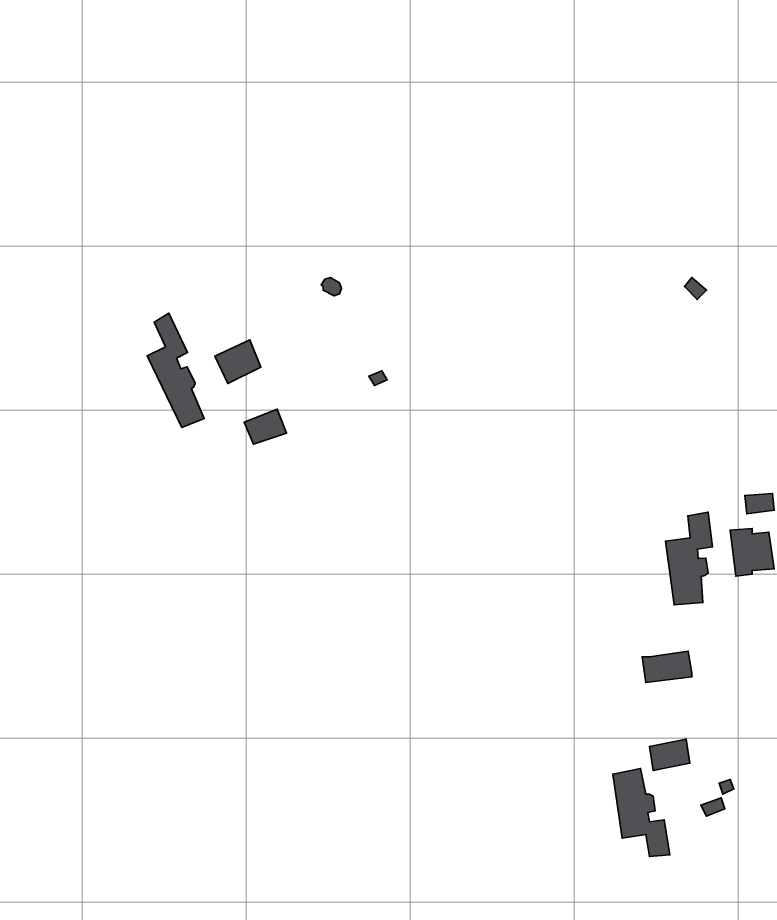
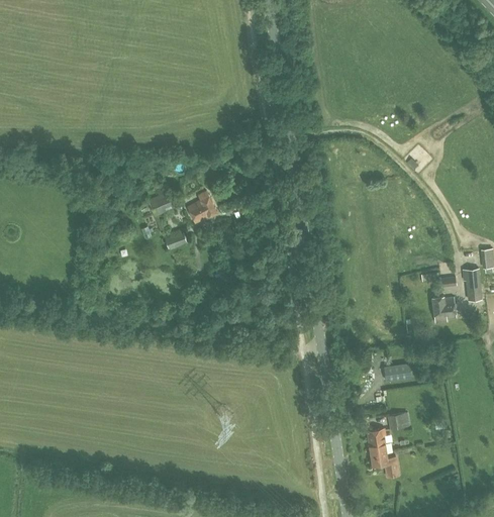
building: [147,313,204,427] -> none
building: none -> [186,191,217,224]
building: [665,512,712,605] -> none

